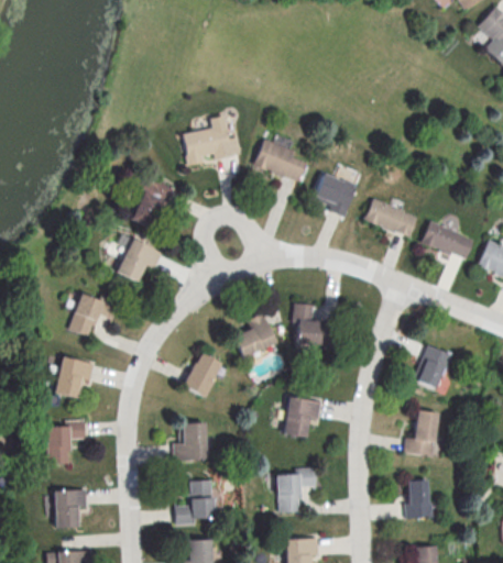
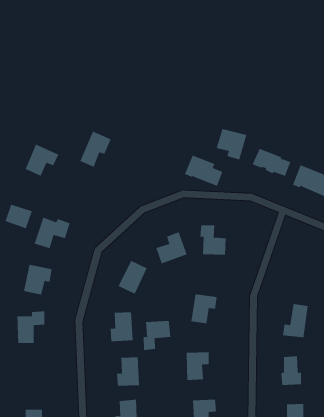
building: [184,115,243,165] -> none
building: [253,141,306,184] -> [184,155,223,187]
building: [118,238,164,282] -> [25,144,59,176]
building: none -> [5,204,32,229]
building: [415,344,452,388] -> none
building: none -> [143,320,171,351]
building: [55,489,89,527] -> none

